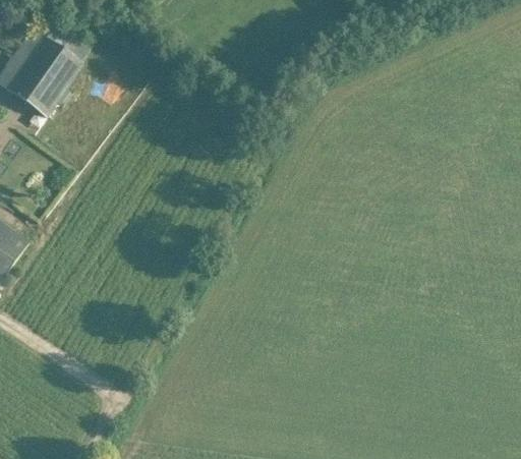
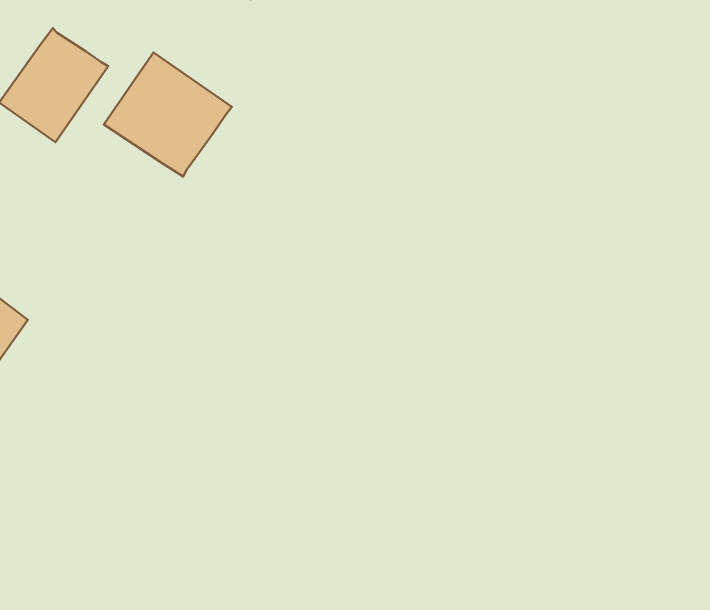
building: none -> [104,53,232,177]

